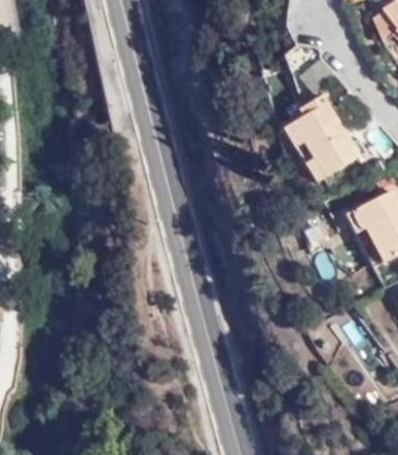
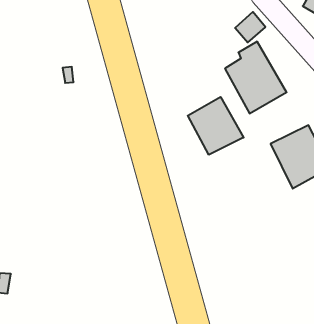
building: none -> [188,97,244,155]

